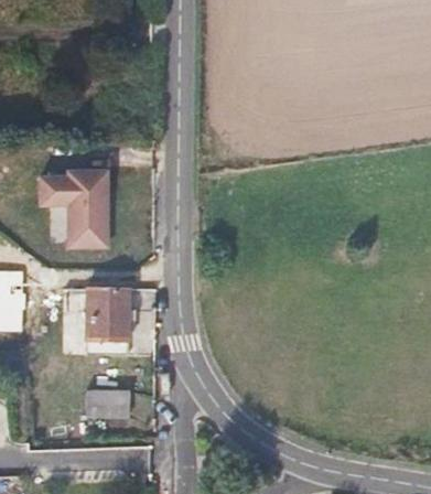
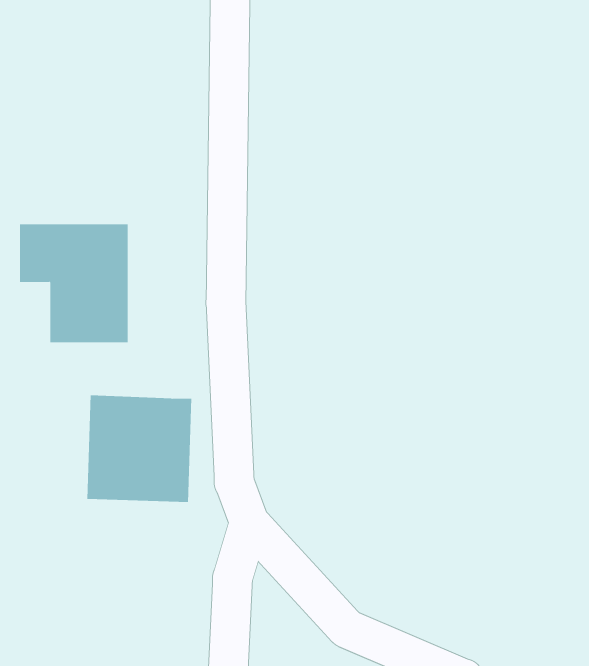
building: [84,388,129,419] -> none

